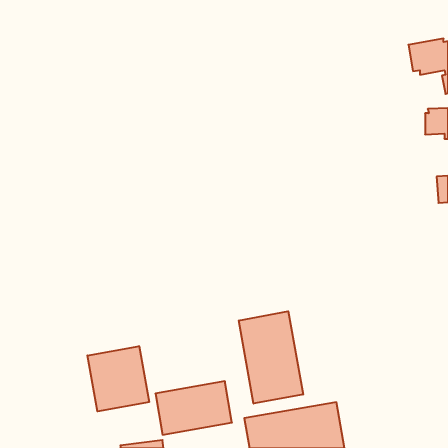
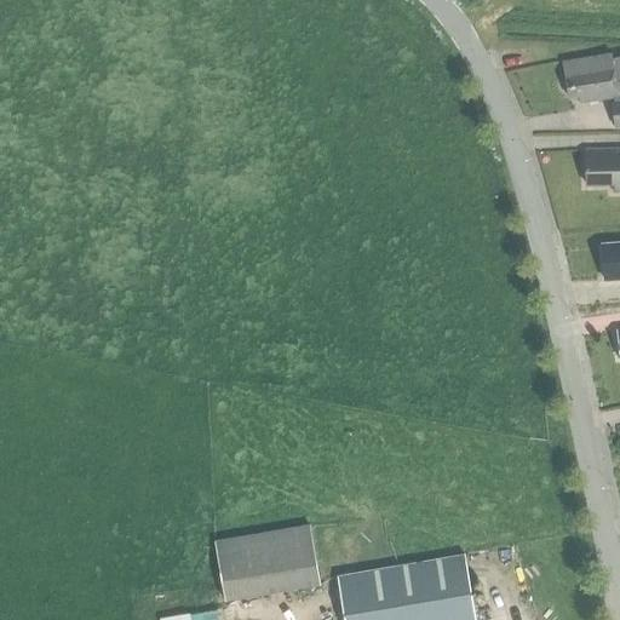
building: [239,311,303,404] -> none
building: [87,346,149,411] -> none

